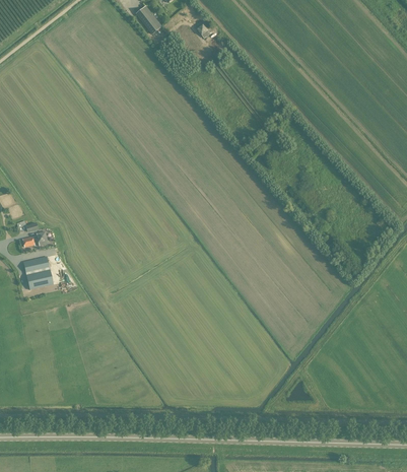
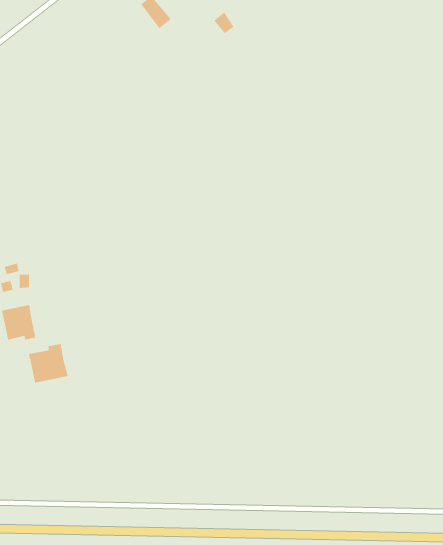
building: none -> [28,343,69,383]

